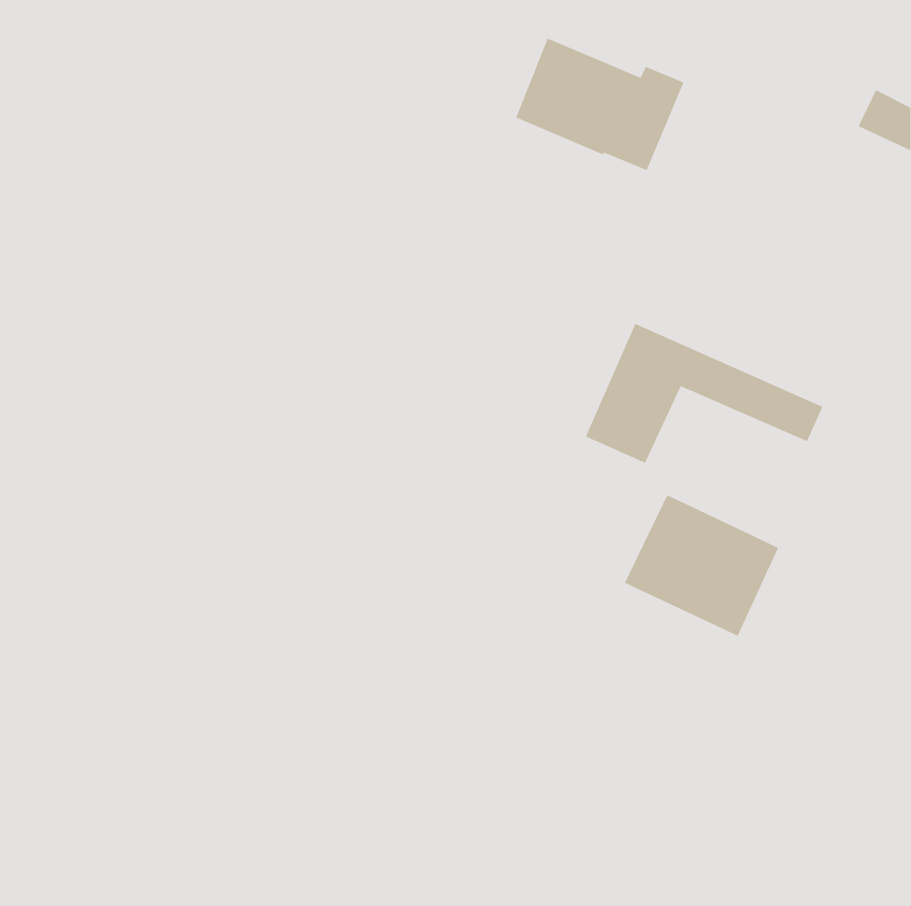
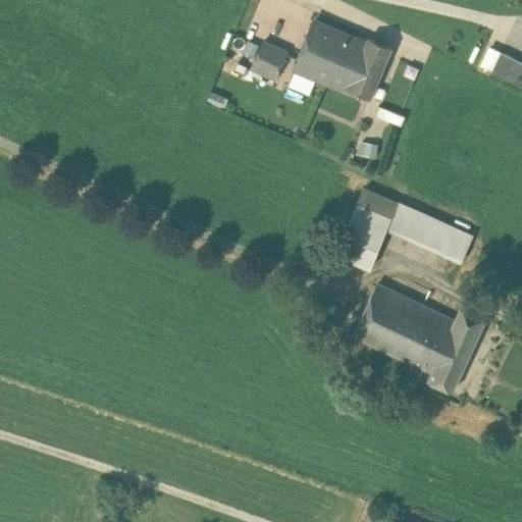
building: none -> [251,45,288,81]
building: none -> [422,308,487,389]

